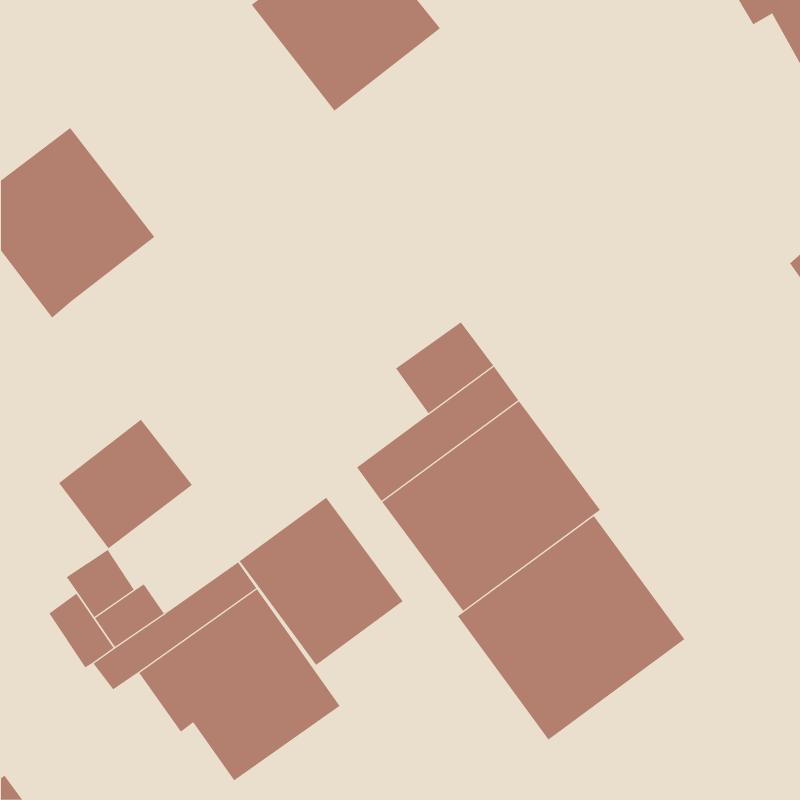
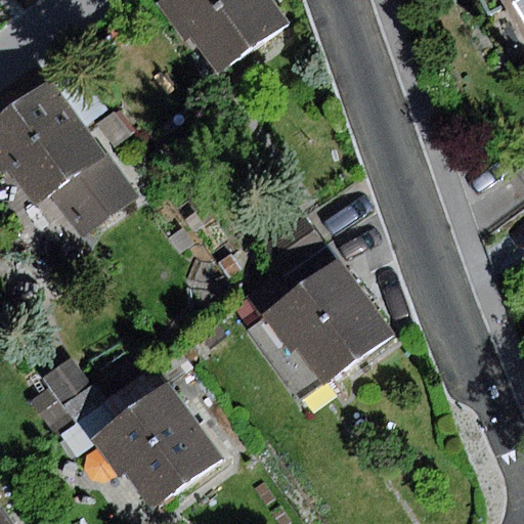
building: [58,419,193,549] -> [48,155,136,239]
building: [239,497,404,666] -> none
building: [457,515,685,740] -> none

